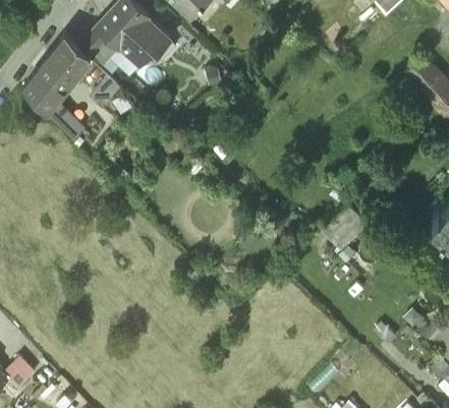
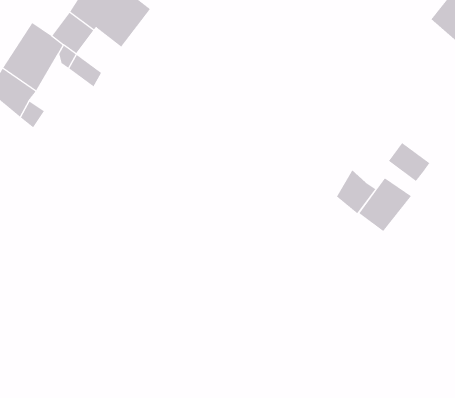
building: none -> [388,142,430,182]
building: none -> [336,170,376,214]

